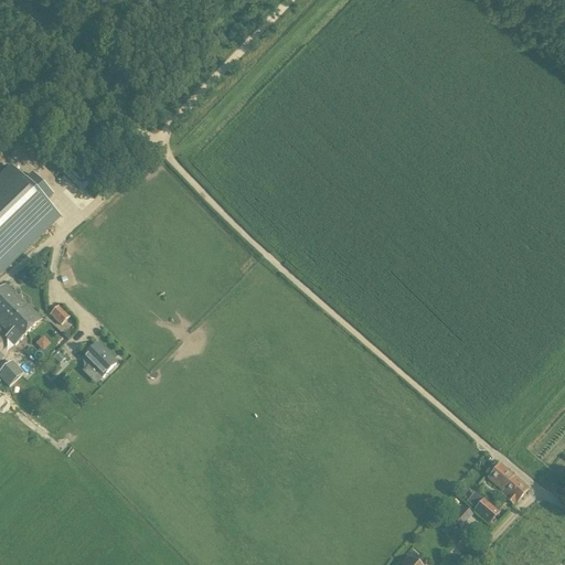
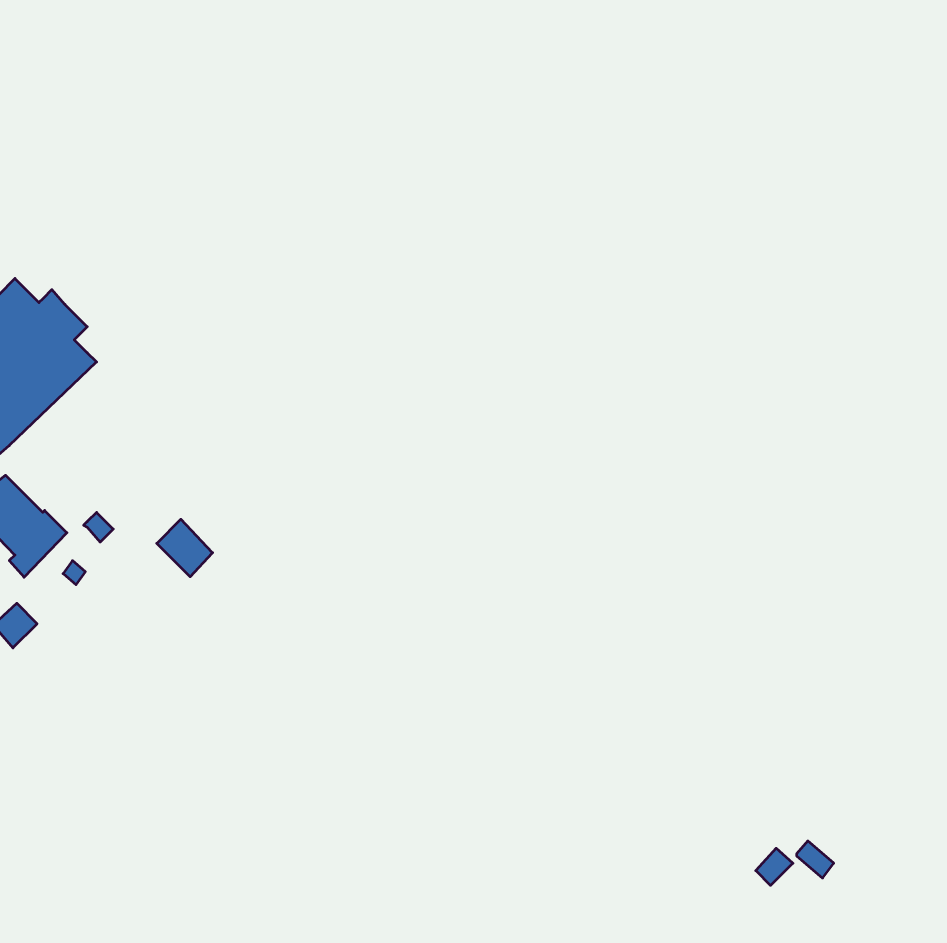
building: [82,341,115,375] -> [157,519,213,577]
building: [487,462,527,500] -> none

